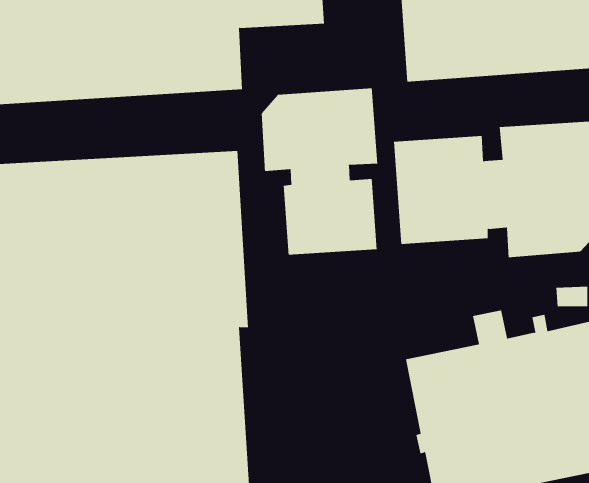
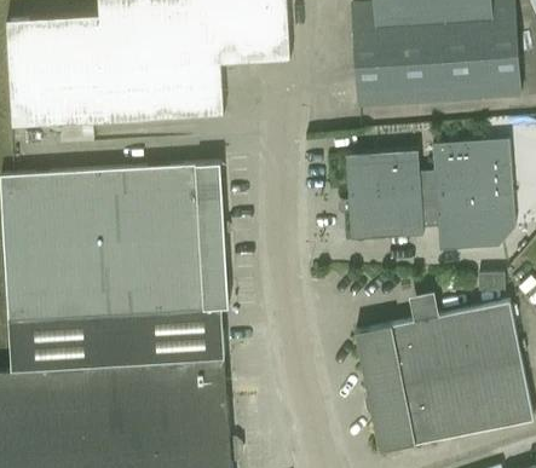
building: [261,88,378,256] -> none

